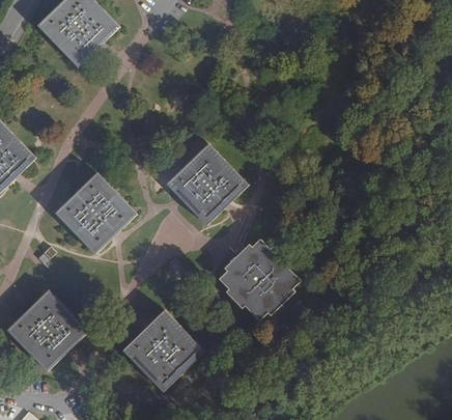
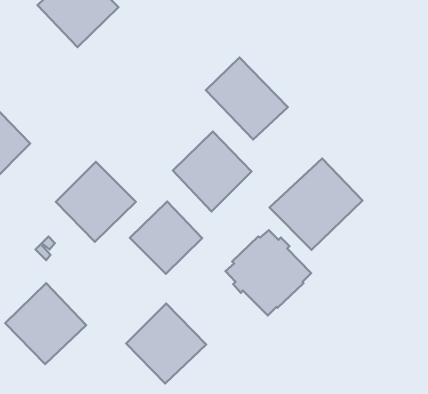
building: none -> [206,58,288,140]
building: none -> [270,158,363,250]
building: none -> [130,201,202,274]

